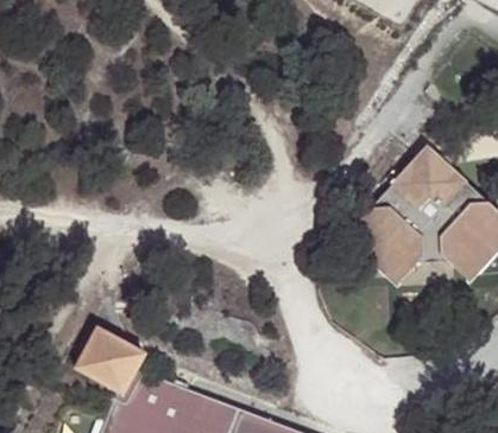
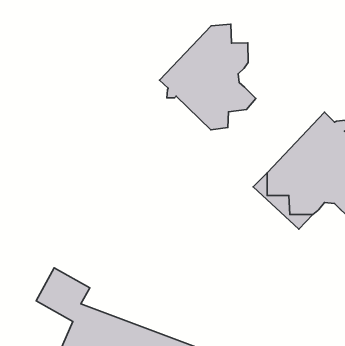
building: none -> [159,24,256,130]

